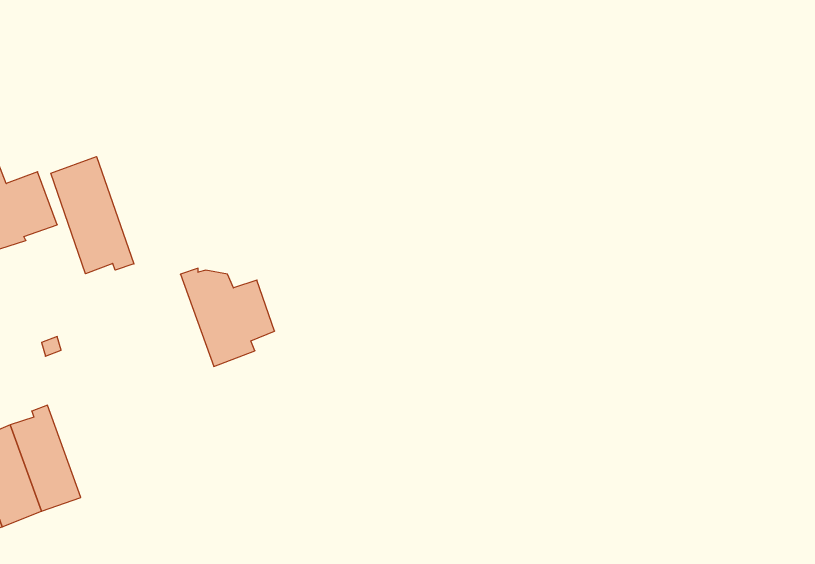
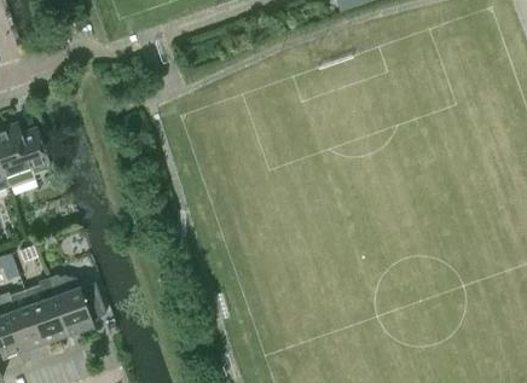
building: [51,157,134,274] -> none
building: [180,268,275,366] -> [48,274,106,335]

